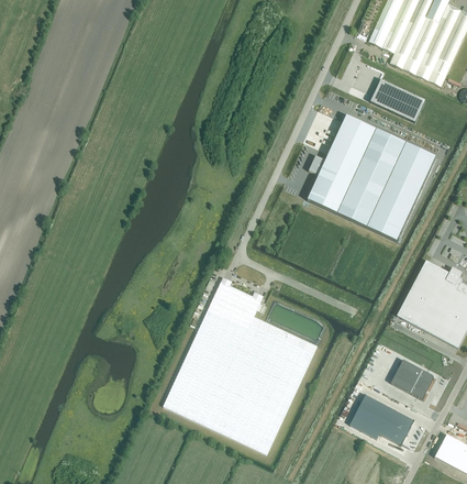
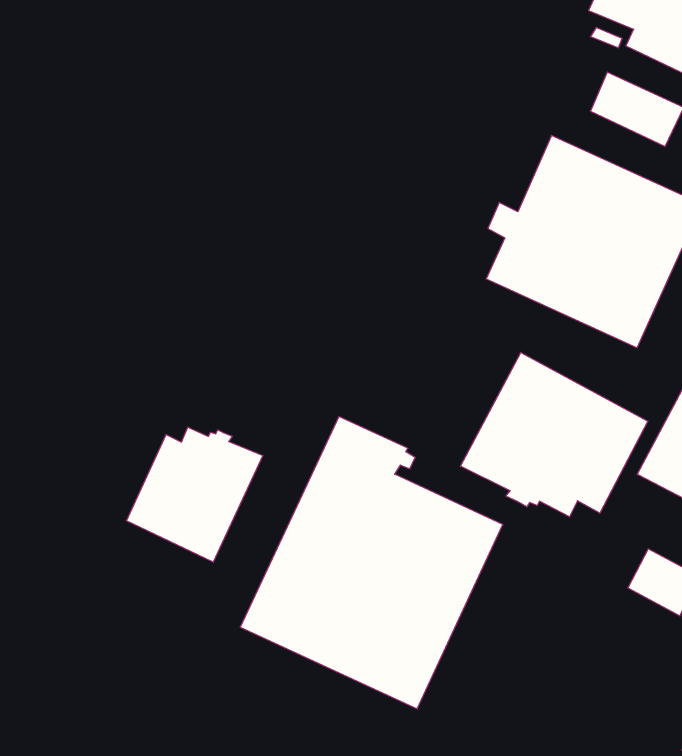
building: none -> [460,352,648,517]
building: none -> [126,427,263,562]
building: [349,394,413,443] -> none

